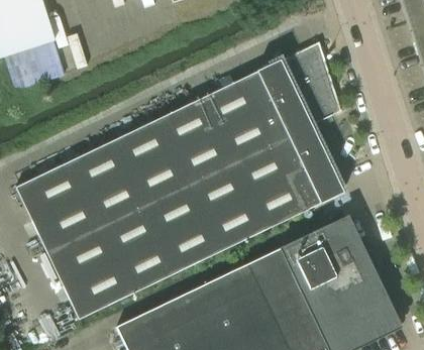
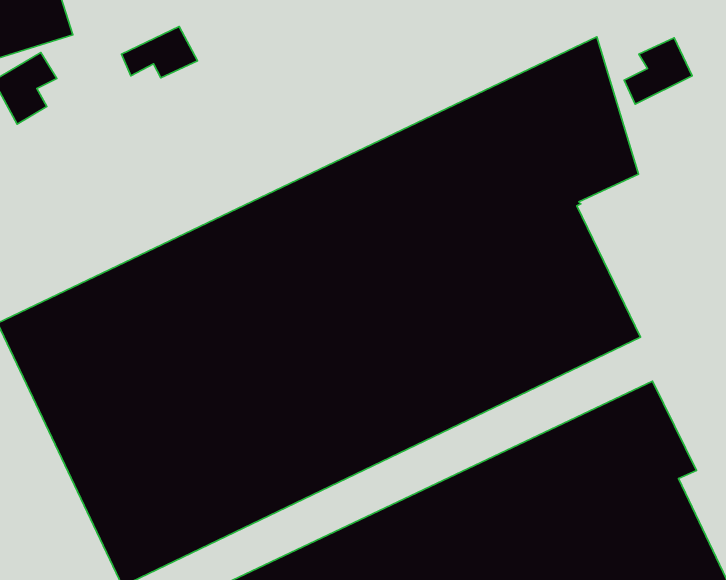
building: none -> [121,26,198,78]
building: none -> [624,38,692,104]

